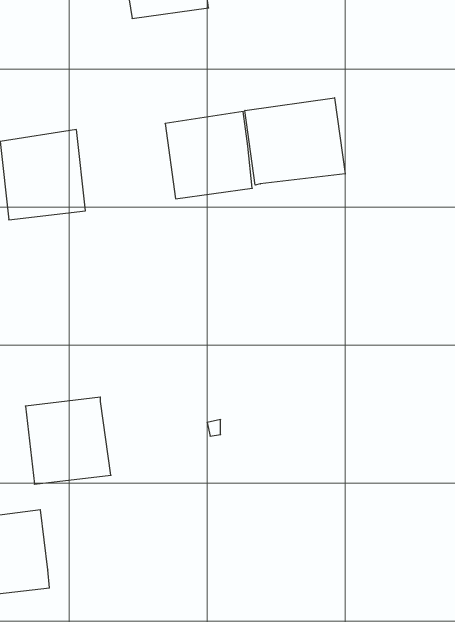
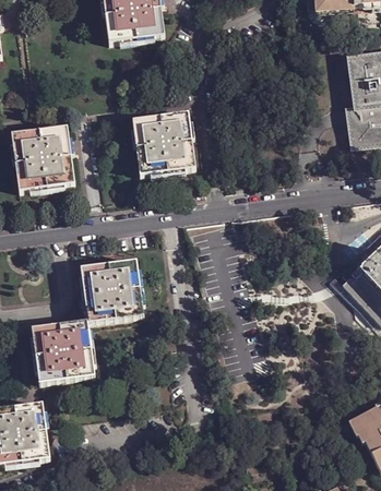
building: [245,98,345,185] -> none
building: none -> [79,259,142,323]

